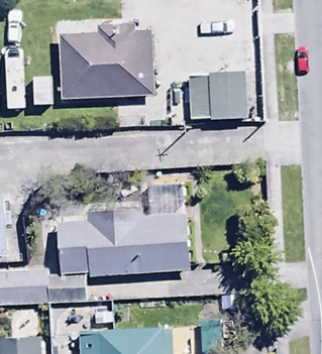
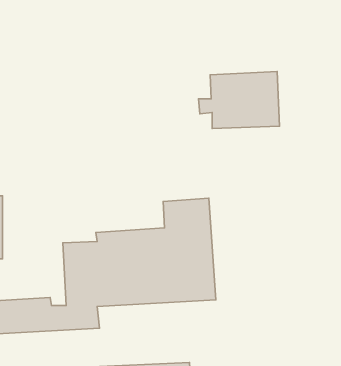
building: [58,26,155,103] -> none

